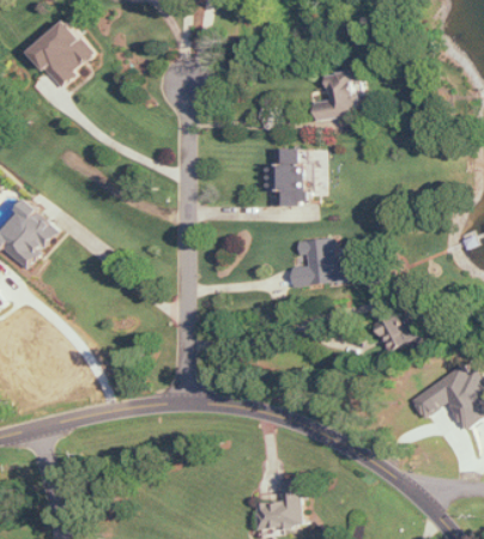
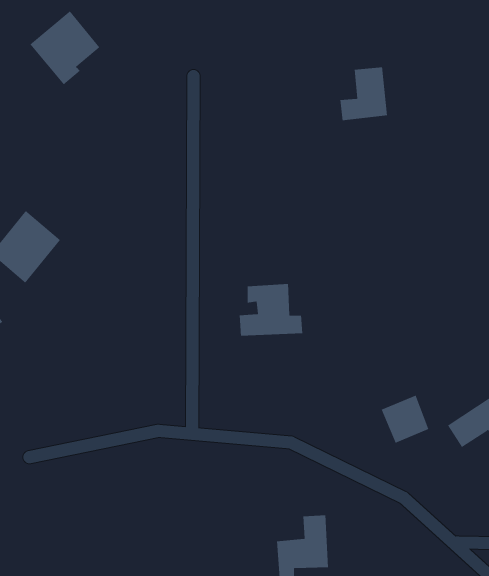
building: [266,147,304,204] -> none
building: [289,237,347,285] -> [239,283,303,336]
building: [371,307,416,351] -> [381,395,429,444]

